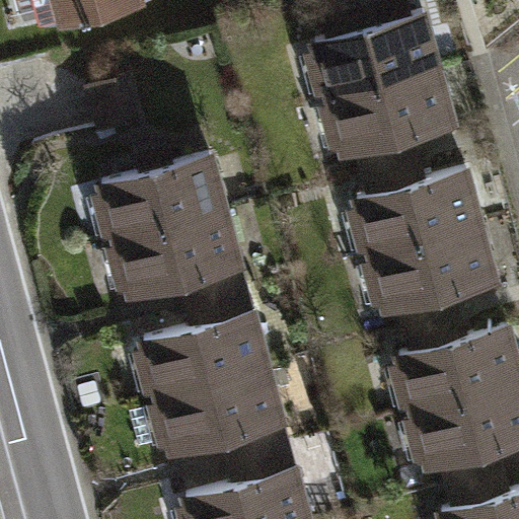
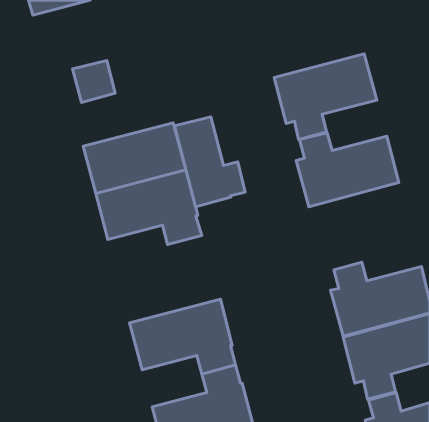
building: [315,17,439,101] -> none
building: none -> [174,117,245,207]
building: [373,230,497,335] -> none
building: [143,293,267,398] -> none

